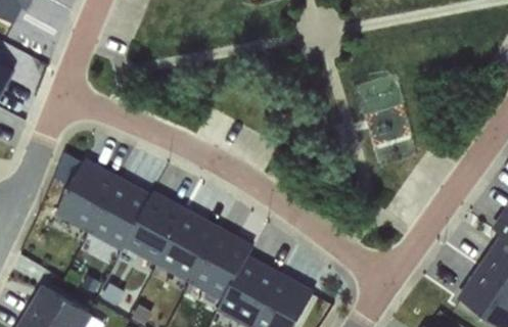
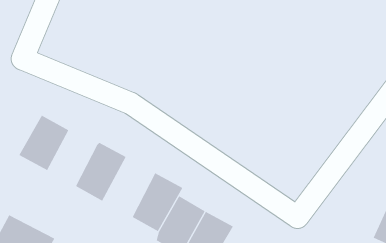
building: [89,179,147,245] -> none
building: [154,211,217,282] -> none

